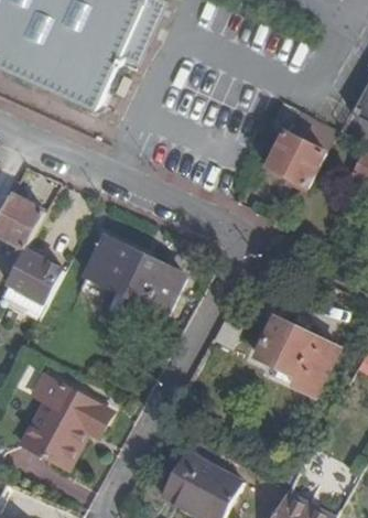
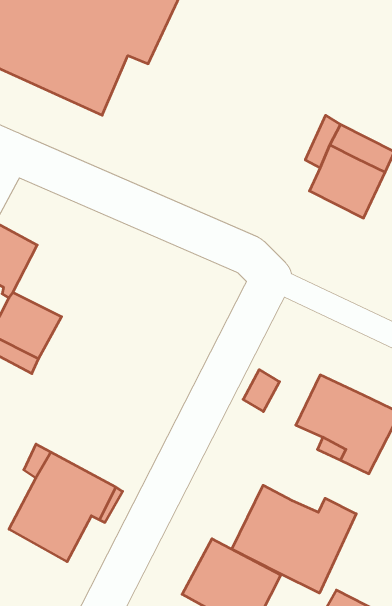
building: [85,238,185,321] -> none
building: none -> [232,485,356,593]

